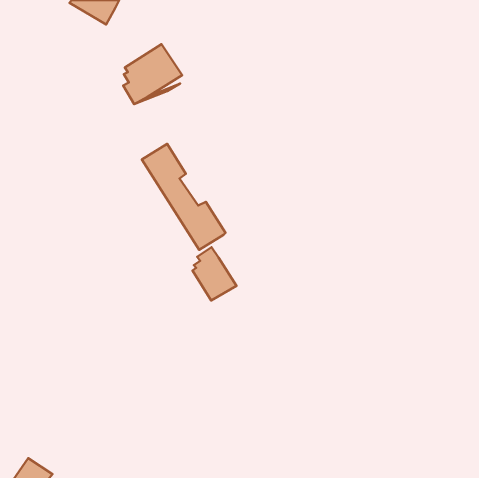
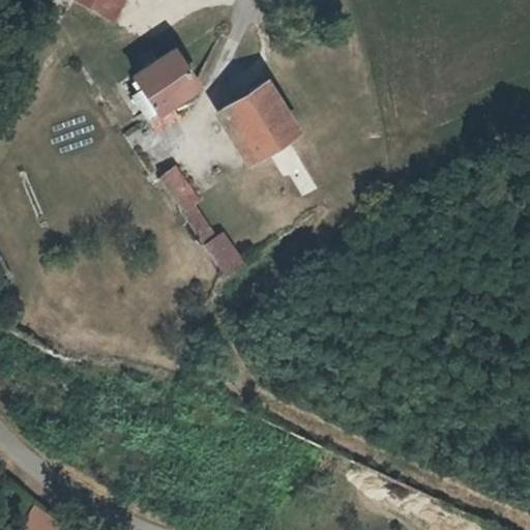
building: none -> [225,85,295,157]
building: [192,247,236,301] -> none

